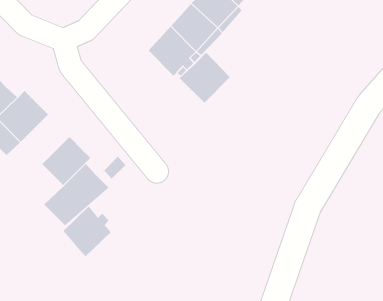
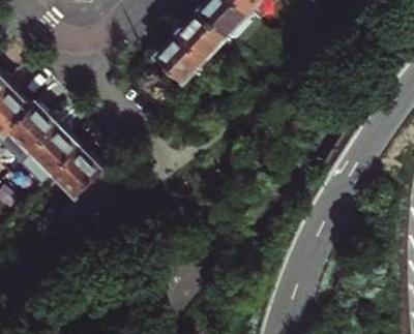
building: [179,52,231,104] -> none
building: none -> [28,117,77,166]
building: [62,206,112,257] -> none

